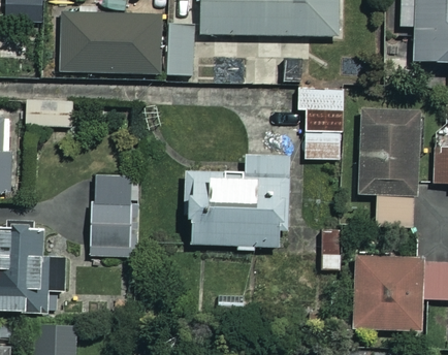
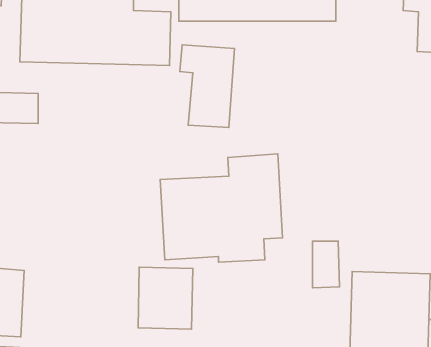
building: [296,86,345,159] -> [180,45,235,128]
building: [356,108,418,226] -> none
building: [90,201,138,256] -> [138,267,193,329]

